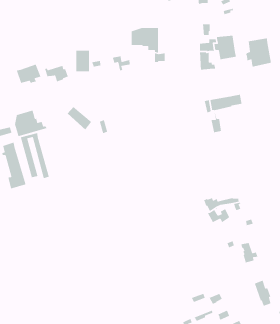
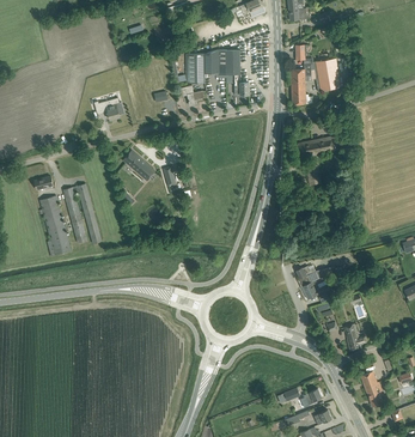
building: [246,38,272,67] -> none
building: [76,50,90,72] -> [187,54,205,83]
building: [16,64,41,84] -> none
building: [14,110,48,137] -> none

